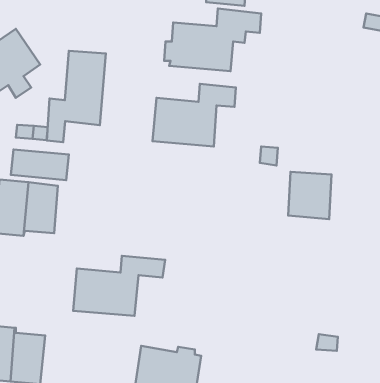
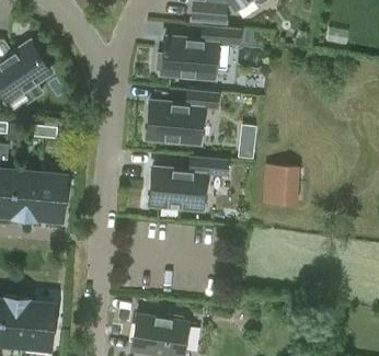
building: [47,51,106,142] -> none
building: [11,149,69,180] -> none
building: [73,256,165,316] -> [149,158,228,209]

